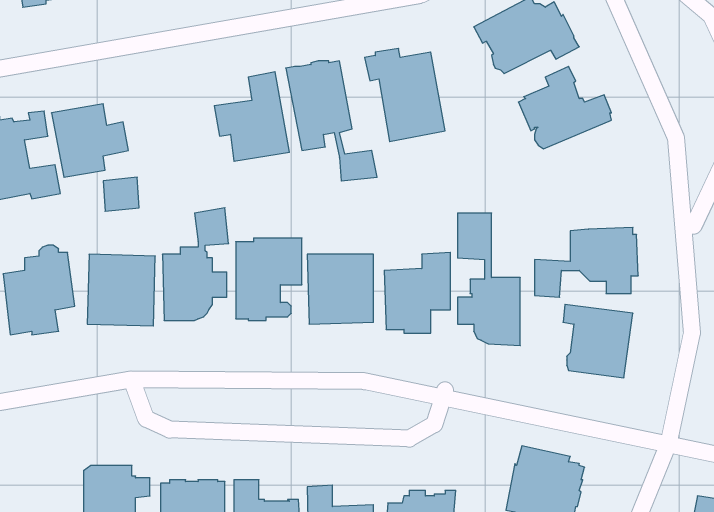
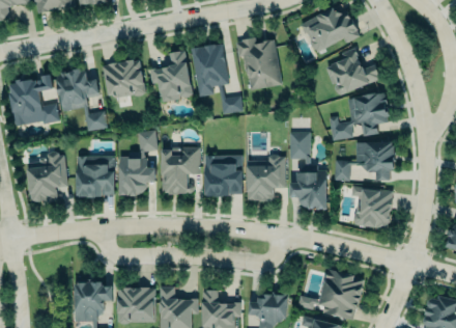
building: none -> [103,59,146,99]
building: none -> [329,92,390,141]

